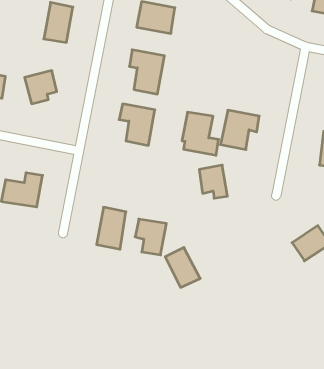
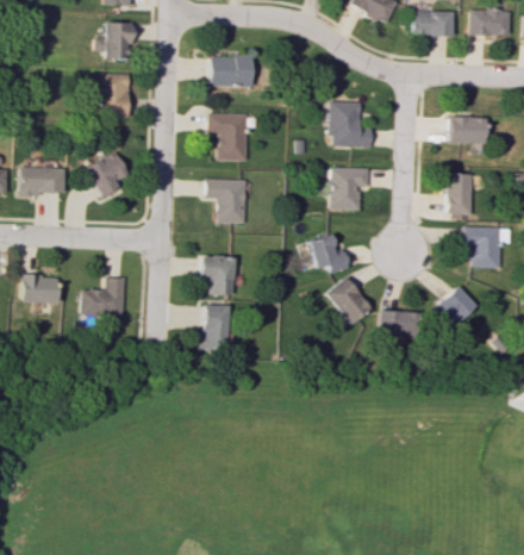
building: [182,112,219,155] -> [329,101,372,146]
building: [135,219,166,255] -> [200,256,235,294]
building: none -> [380,311,419,335]
building: [165,247,200,287] -> [328,276,373,324]

